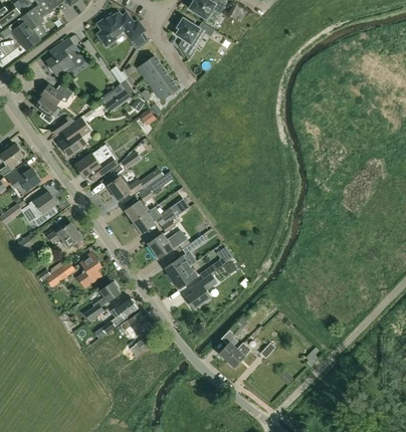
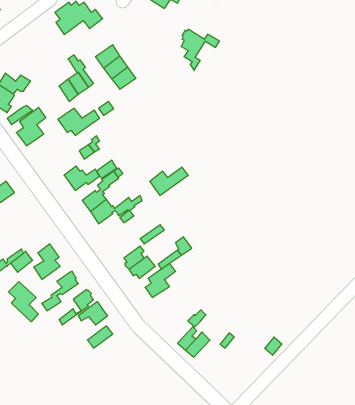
building: [176,17,214,58] -> [181,29,220,71]
building: [47,38,84,74] -> none
building: [75,153,117,180] -> [58,108,100,136]
building: [48,223,81,247] -> none
building: [149,229,187,257] -> [150,167,188,196]
building: none -> [8,282,38,322]

